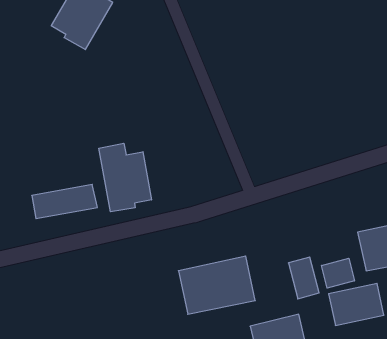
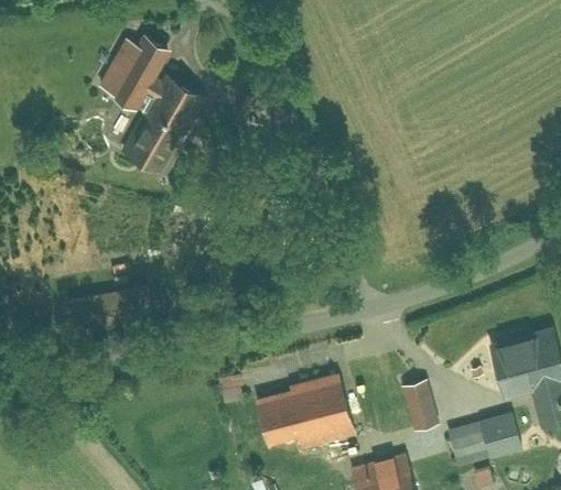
building: none -> [122,78,202,177]
building: [99,143,151,212] -> none
building: [322,258,354,288] -> none

